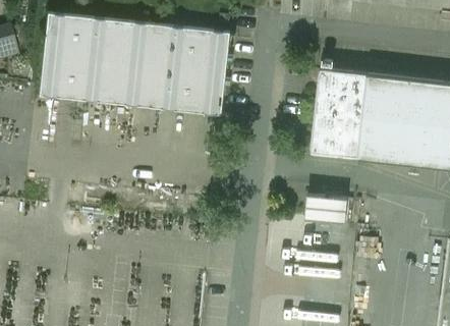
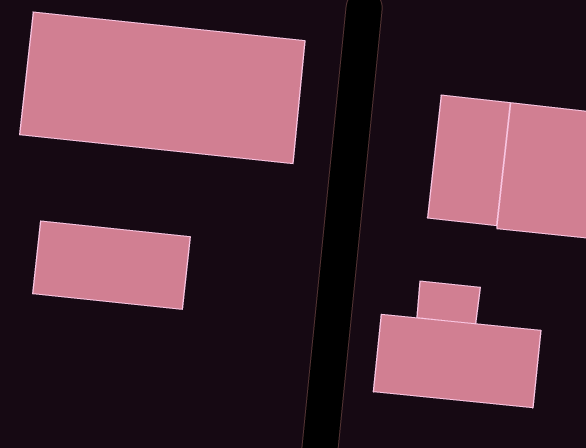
building: none -> [33,221,190,309]
building: none -> [374,314,541,408]

